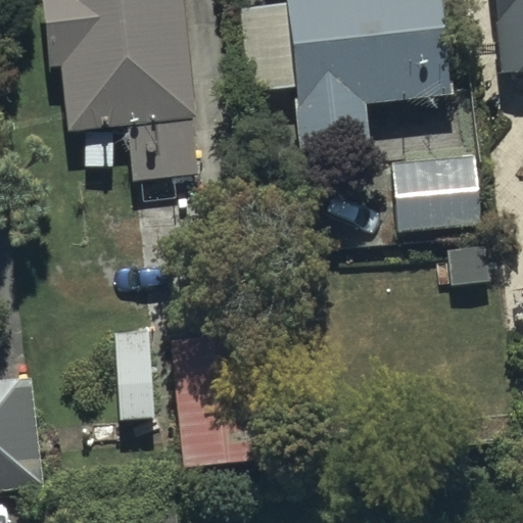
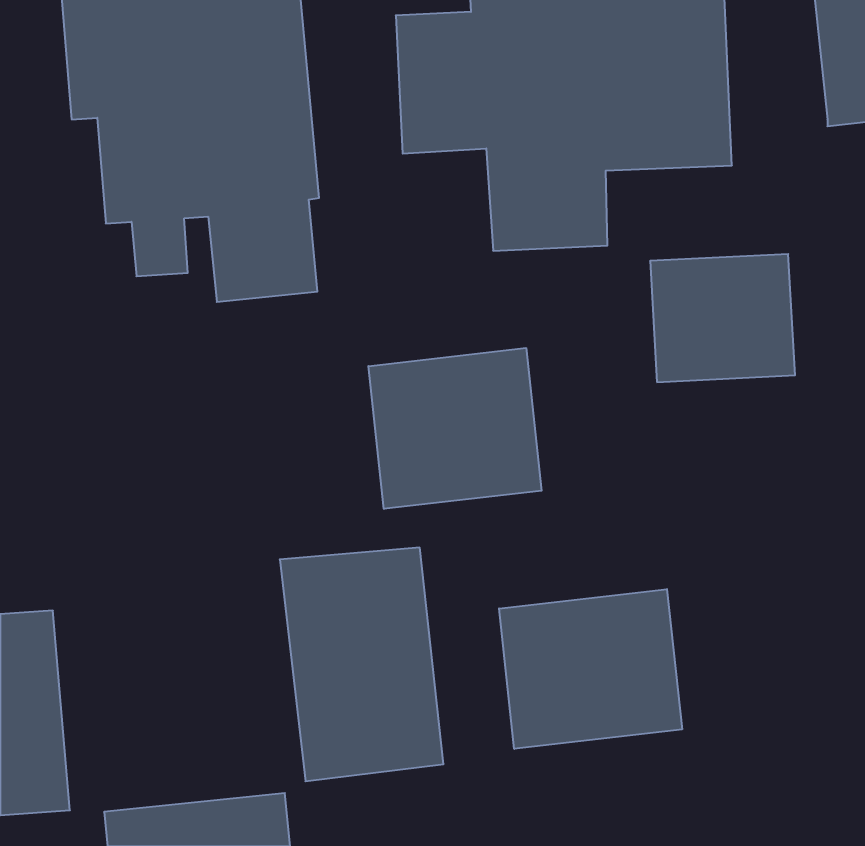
building: none -> [368,348,542,509]
building: none -> [499,589,682,749]

